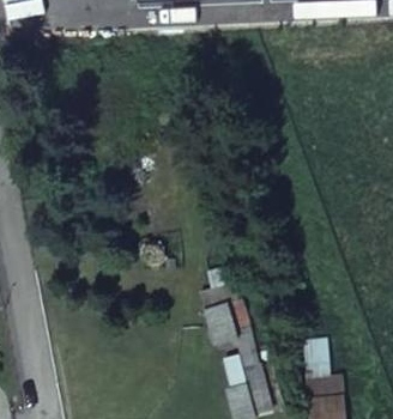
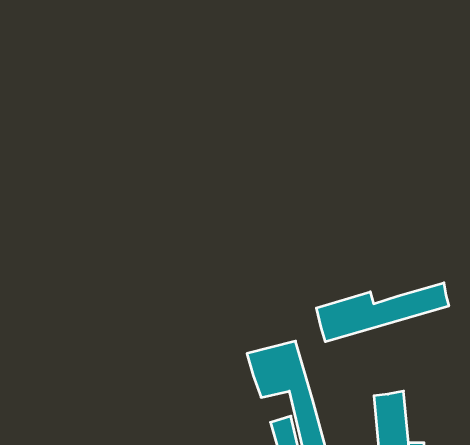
building: none -> [316,283,449,342]

